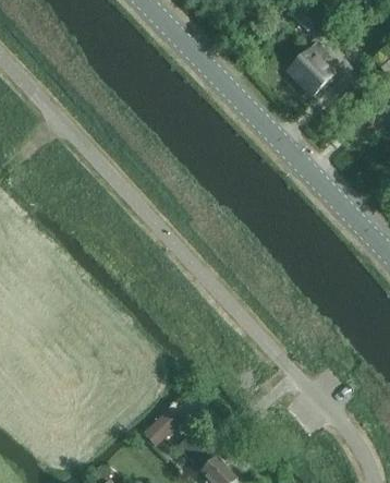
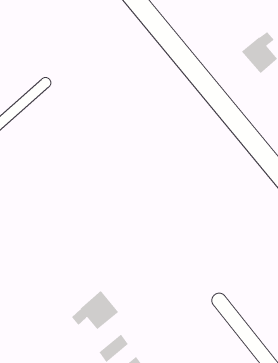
building: none -> [71,290,119,330]

